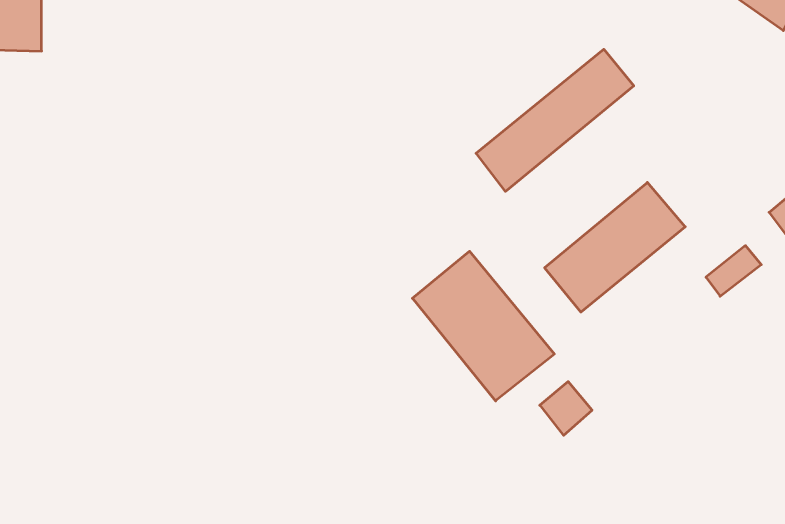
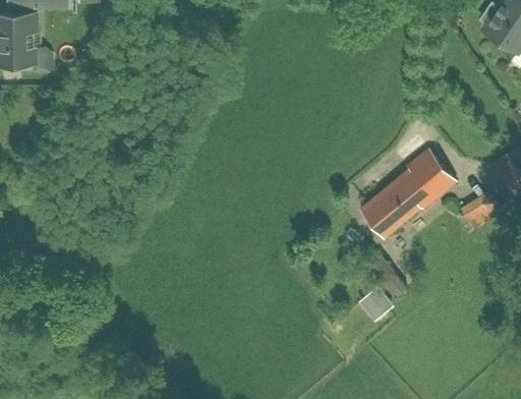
building: [476,49,634,191] -> none
building: [412,251,554,401] -> none

